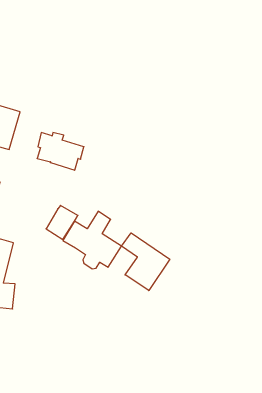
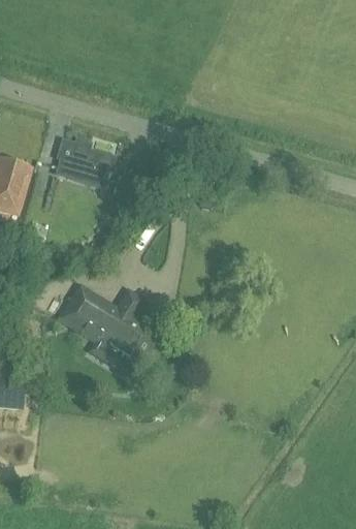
building: [37,133,84,170] -> [44,137,102,184]
building: [121,233,170,291] -> none

